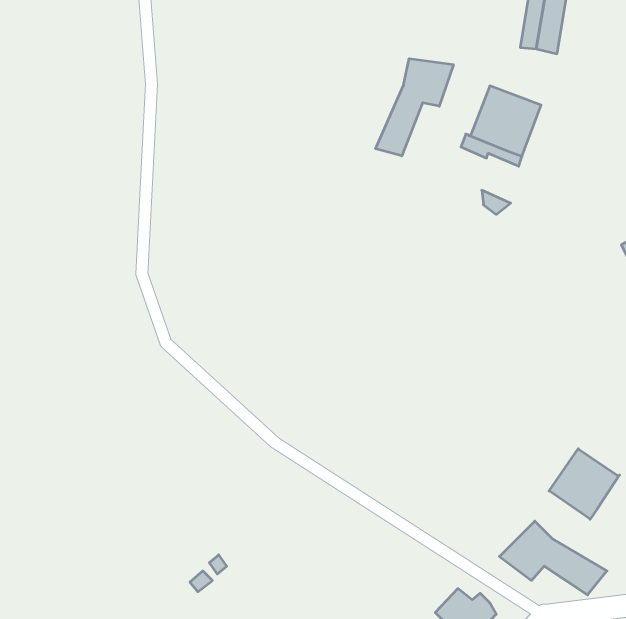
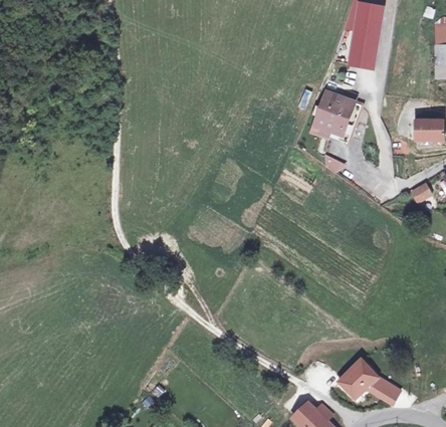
building: [376,59,453,156] -> none
building: [549,449,620,519] -> none

